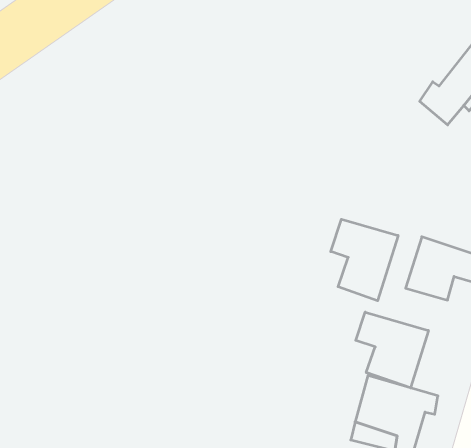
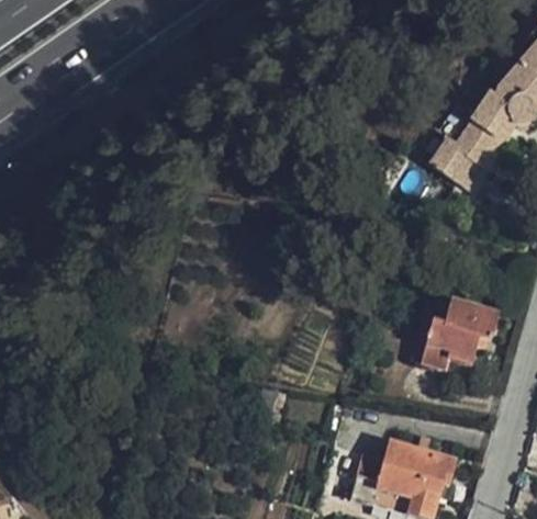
building: [331,219,398,301] -> none
building: [356,312,428,388] -> none

